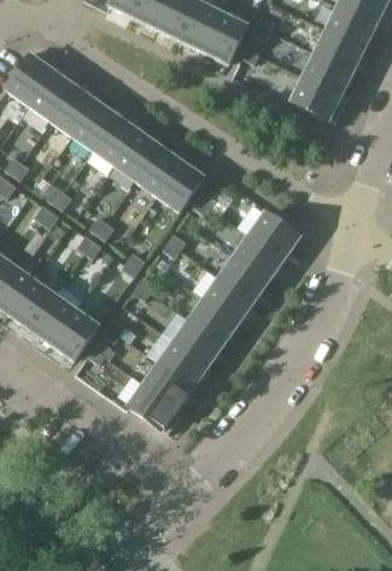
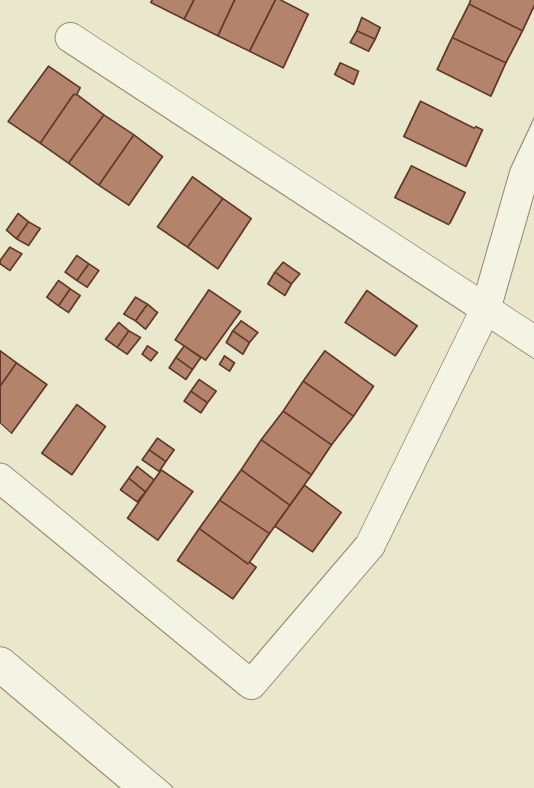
building: [204,12,247,63] -> none
building: [303,52,353,94] -> [395,166,465,224]
building: [93,114,139,165] -> none
building: [157,159,204,210] -> [175,290,241,360]
building: [234,234,285,279] -> none
building: [8,278,55,328] -> none
building: [52,308,99,359] -> [128,470,193,540]
building: none -> [275,485,341,552]

